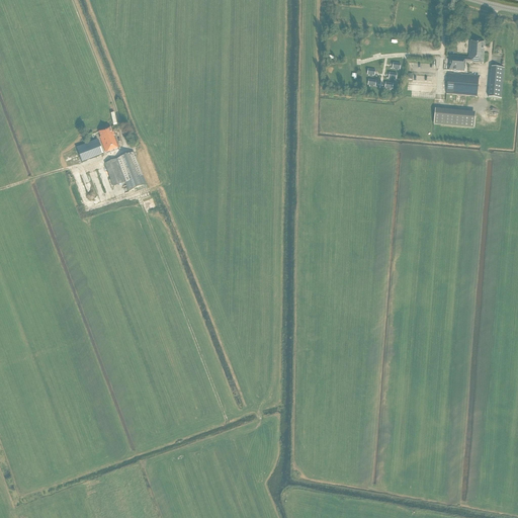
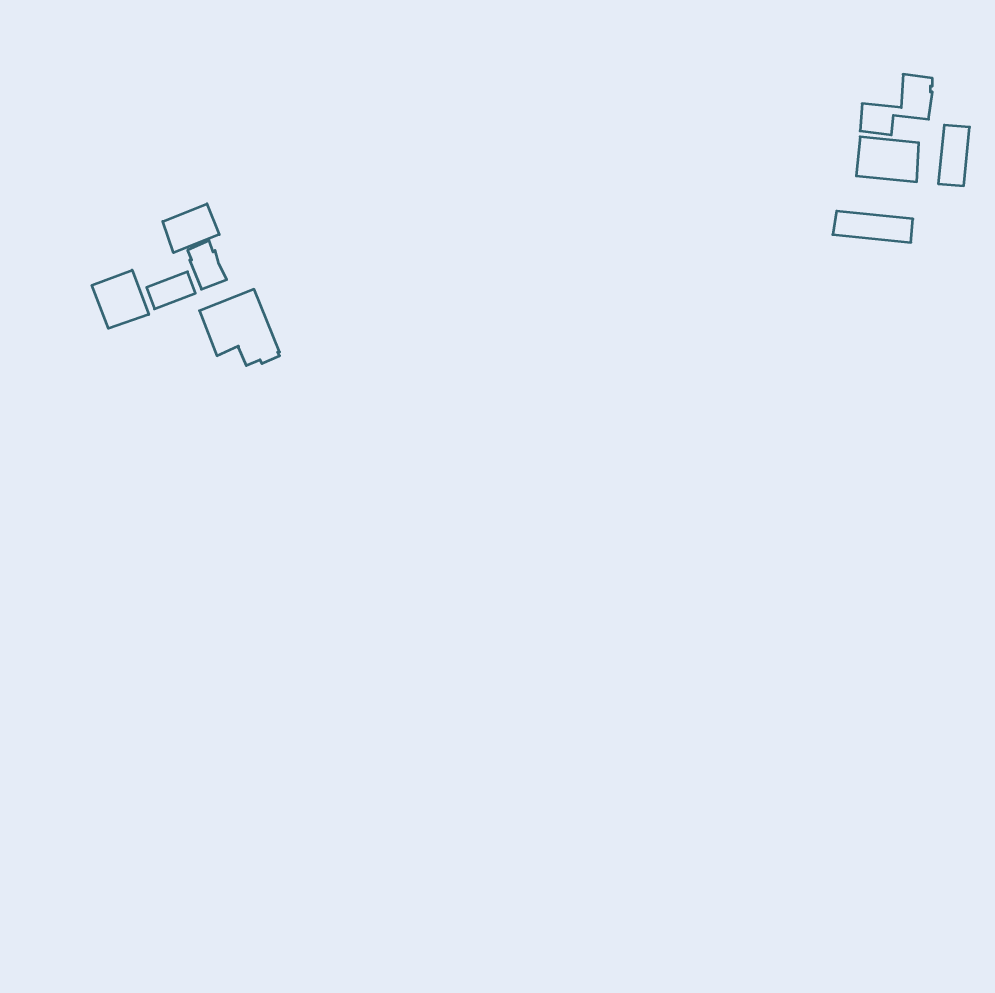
building: none -> [163,204,219,253]
building: none -> [92,270,149,328]

